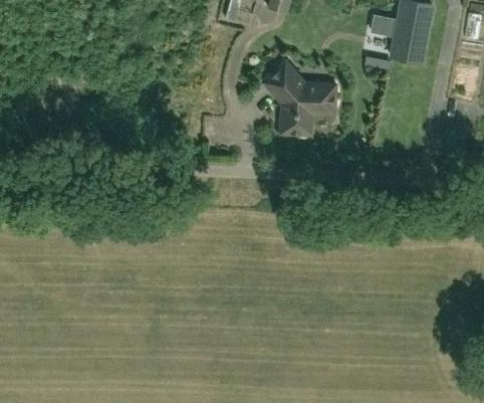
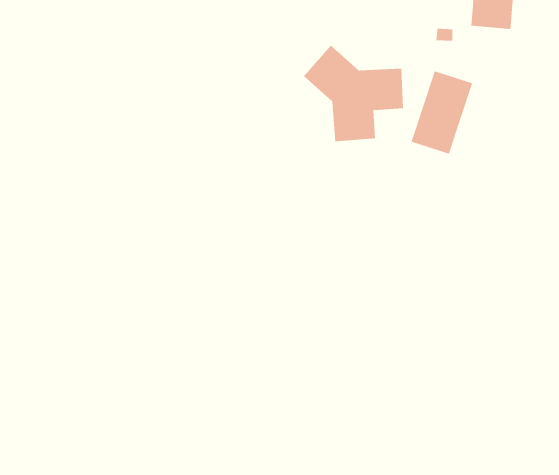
building: none -> [411,71,473,154]

